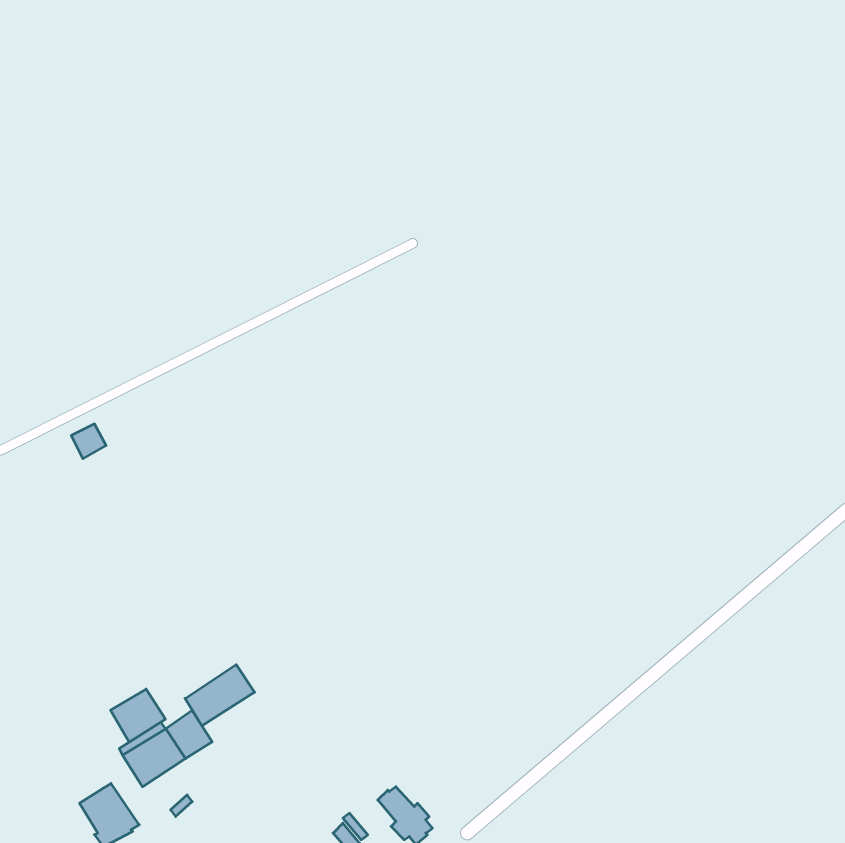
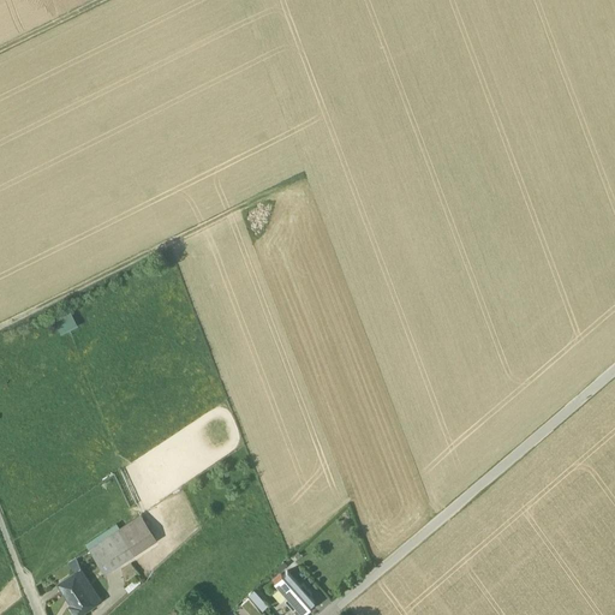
building: [185,665,255,726] -> none
building: [111,689,165,742] -> none

